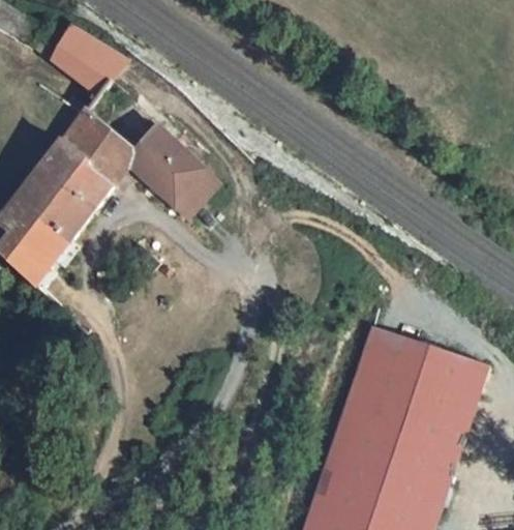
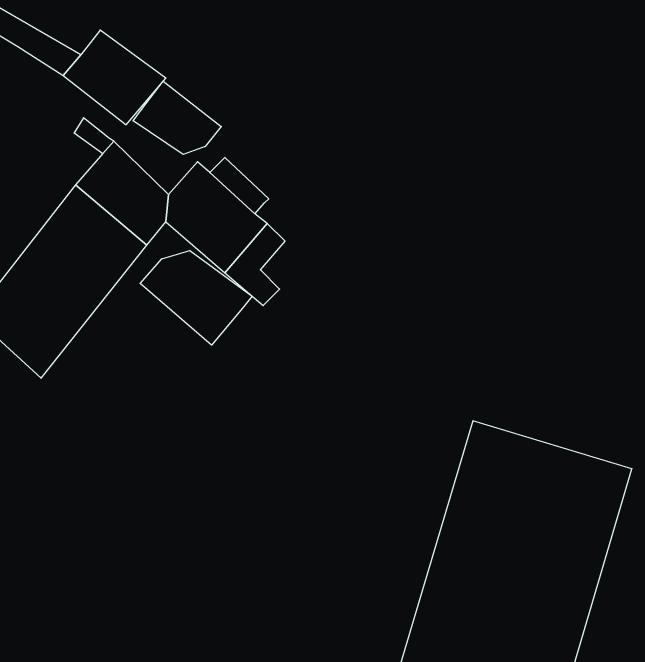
building: none -> [133,81,221,154]
building: none -> [140,250,252,345]

